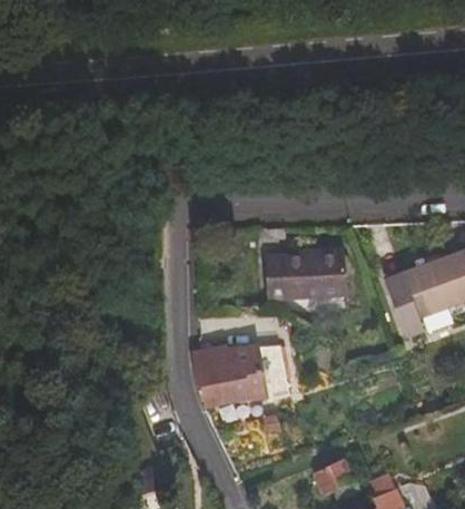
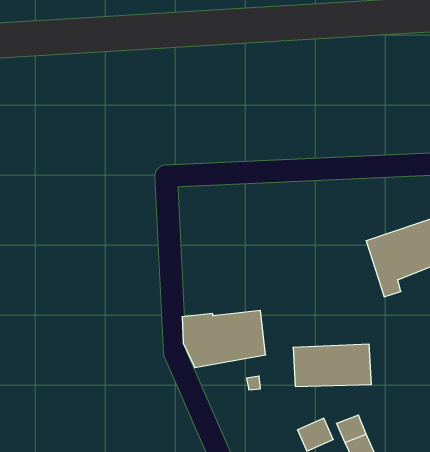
building: [265,257,347,302] -> [293,344,371,386]

